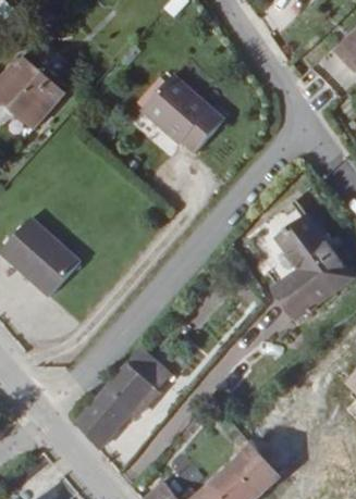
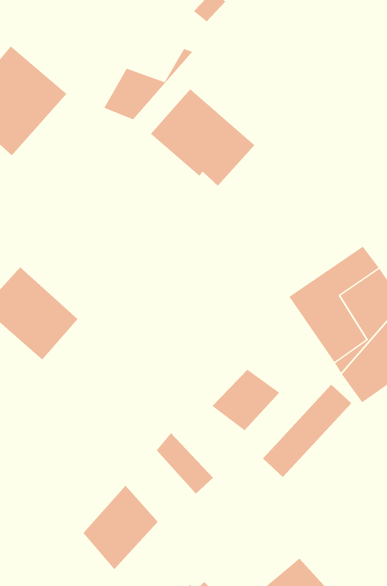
building: none -> [104,48,193,120]
building: none -> [212,369,280,431]
building: [113,361,169,421] -> none

